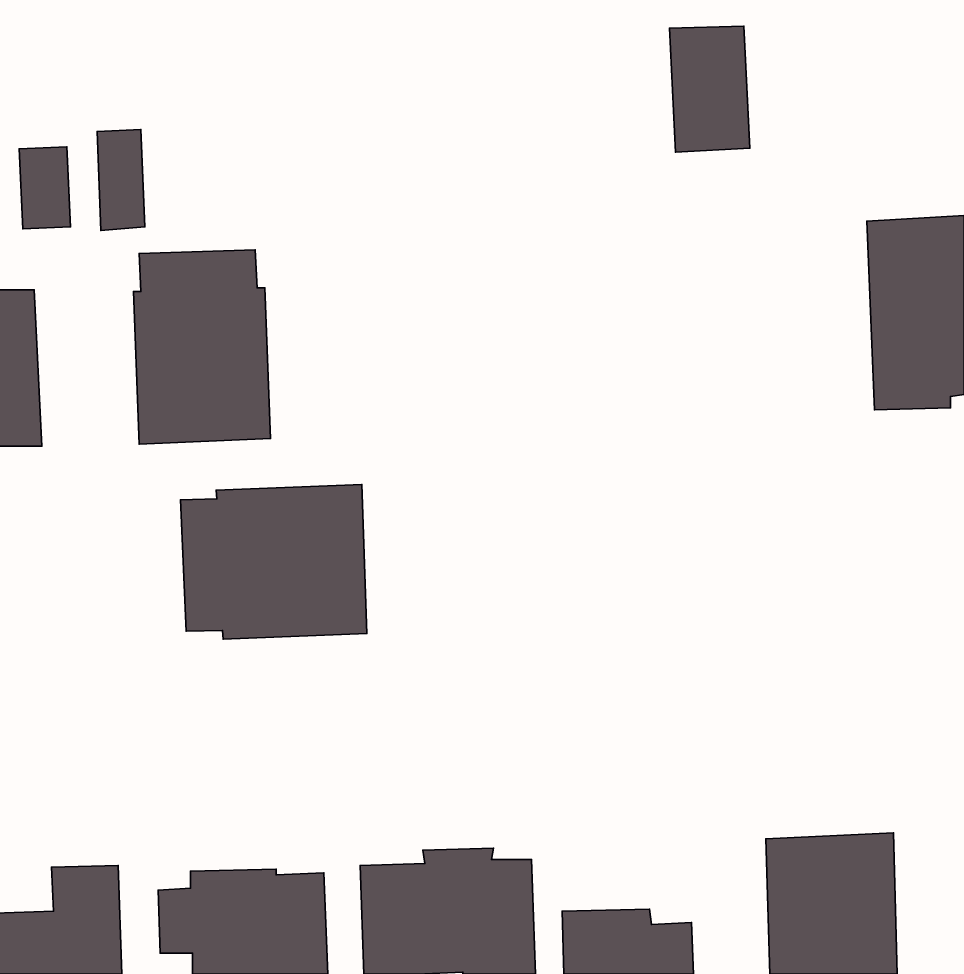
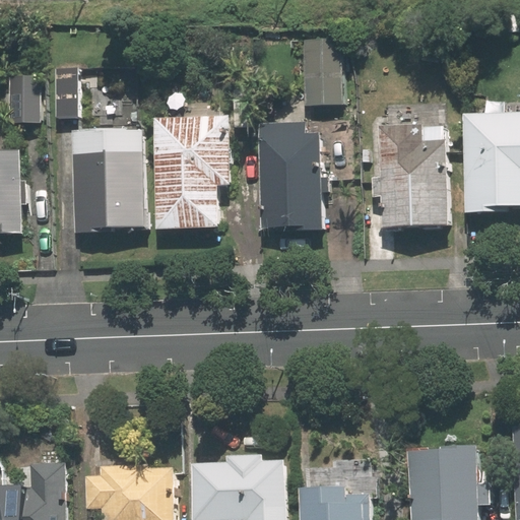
building: [670,26,750,152] -> [300,42,342,109]
building: none -> [152,118,230,234]
building: none -> [258,125,322,235]
building: none -> [372,128,448,234]
building: [180,485,367,639] -> none

